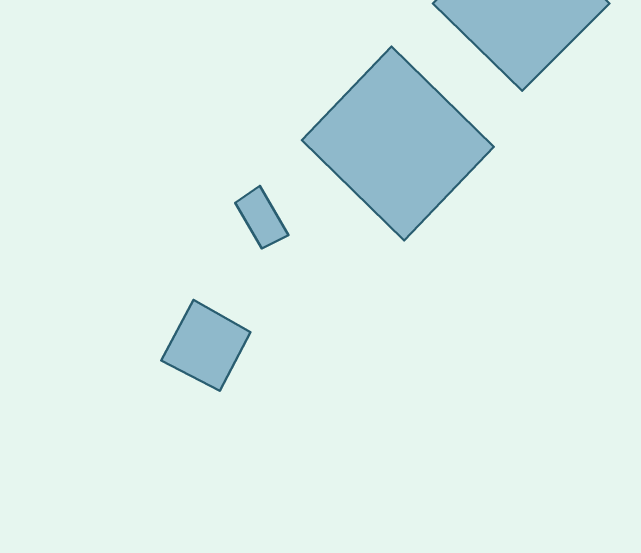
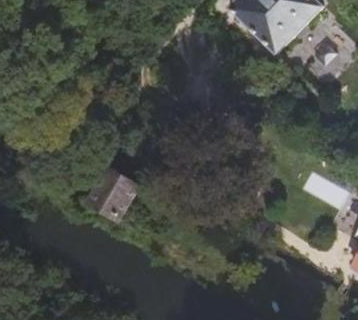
building: [302,47,494,240] -> none

